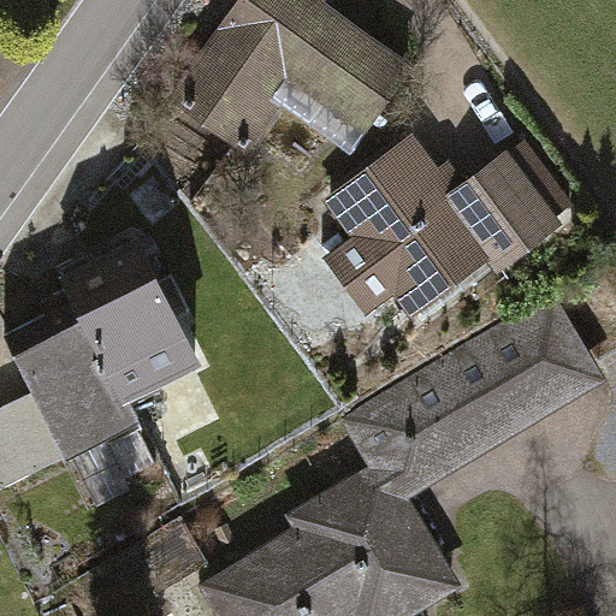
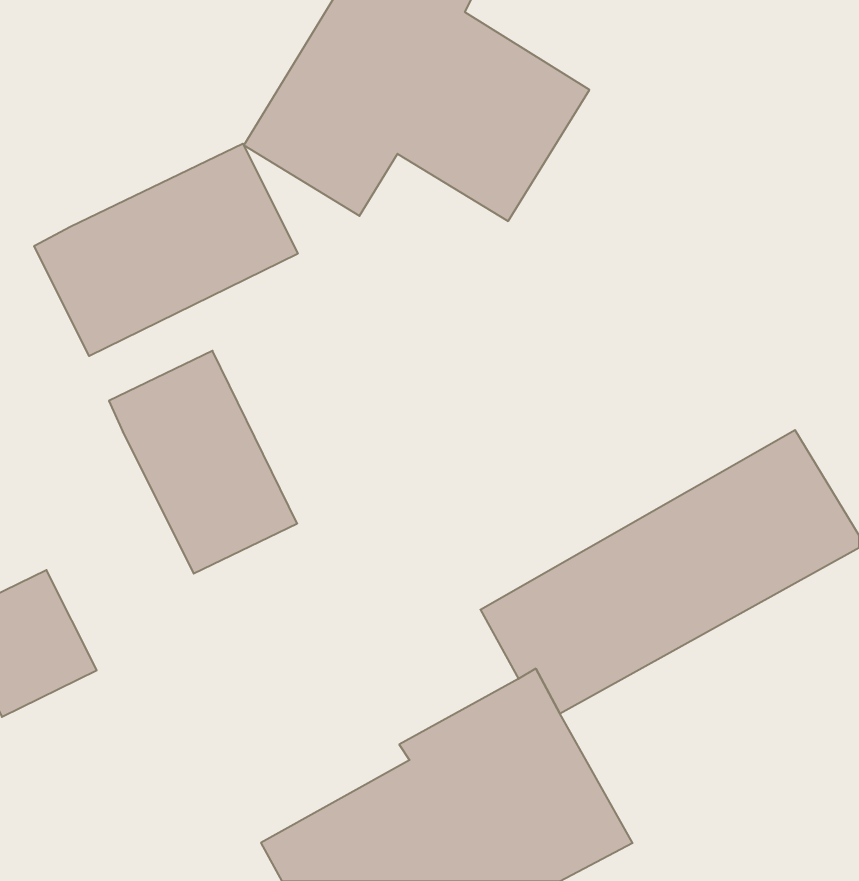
building: none -> [34,144,298,356]
building: [324,136,570,327] -> none
building: [5,301,148,467] -> none

